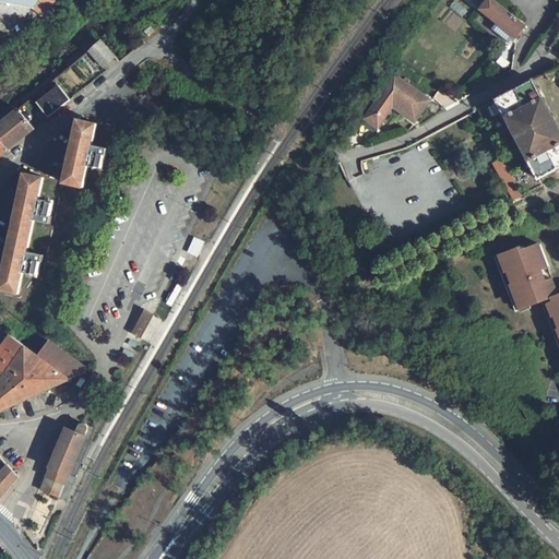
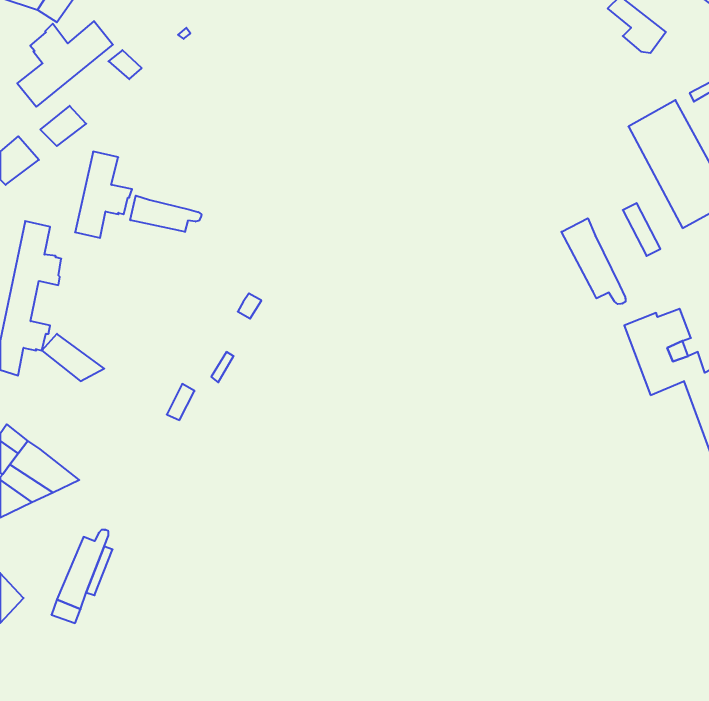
building: none -> [17,21,113,107]
building: [365,78,429,131] -> none
building: none -> [130,196,201,232]
building: none -> [561,218,626,304]
building: [33,340,82,377] -> [42,334,104,381]

